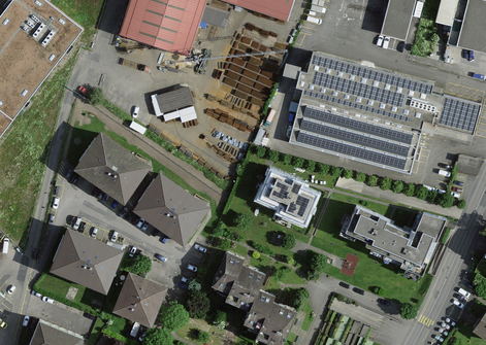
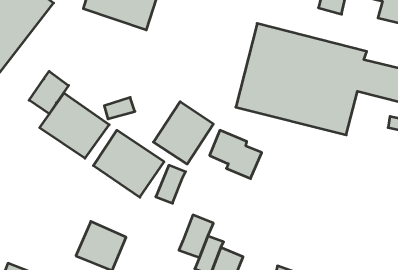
building: [157,88,191,111] -> [104,97,135,119]
building: none -> [29,71,69,114]
building: none -> [153,102,213,164]
building: [345,206,446,275] -> none
building: [45,226,123,292] -> none
building: [210,250,244,292] -> [156,165,186,203]

